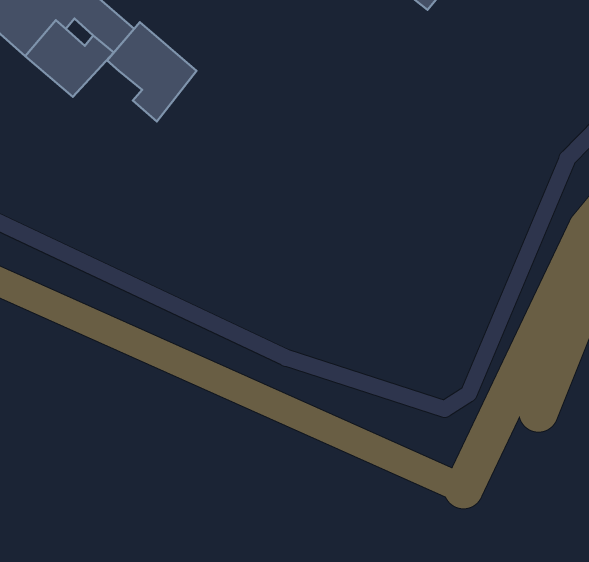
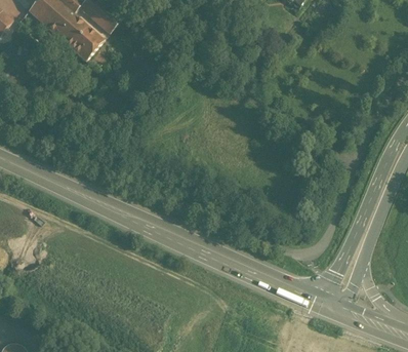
building: [107,22,196,121] -> none

